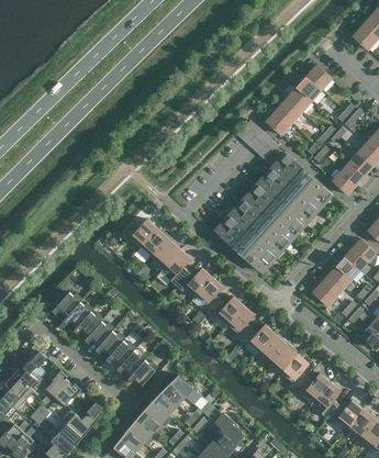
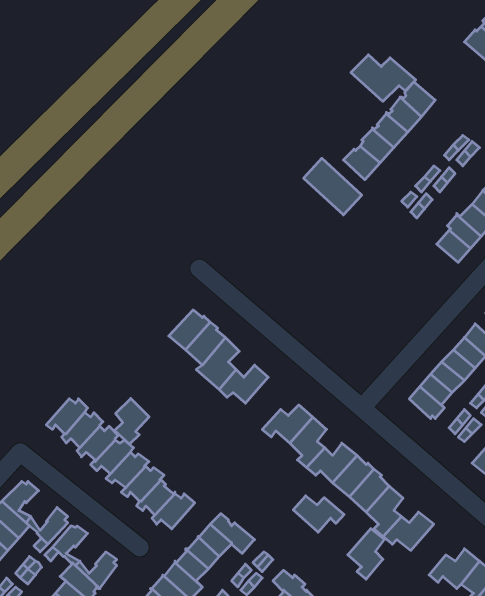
building: none -> [351,55,416,101]
building: [215,153,331,271] -> none
building: [120,219,157,247] -> none
building: [194,277,222,314] -> none
building: none -> [114,398,149,444]
building: none -> [293,496,344,532]
building: [313,382,339,418] -> [348,529,385,579]

